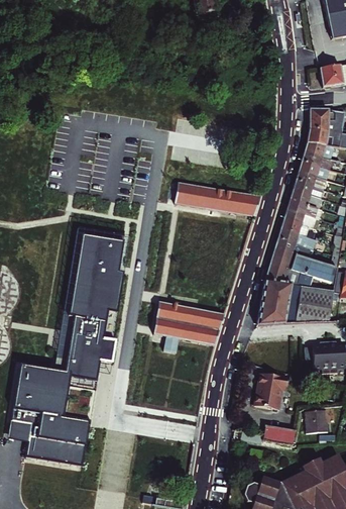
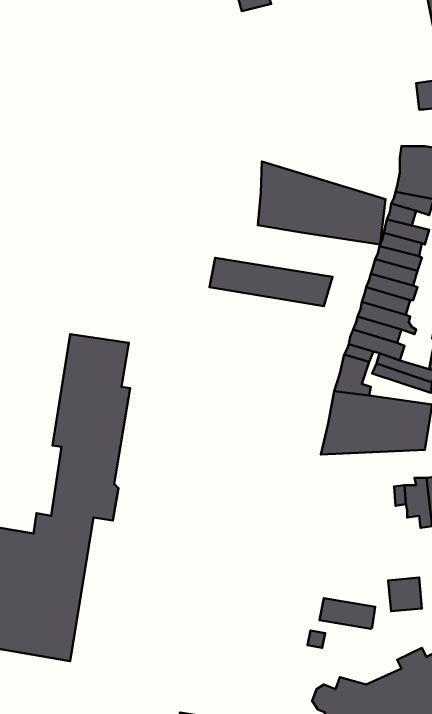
building: none -> [258,161,386,245]
building: [155,303,226,354] -> none
building: [253,374,285,408] -> none

